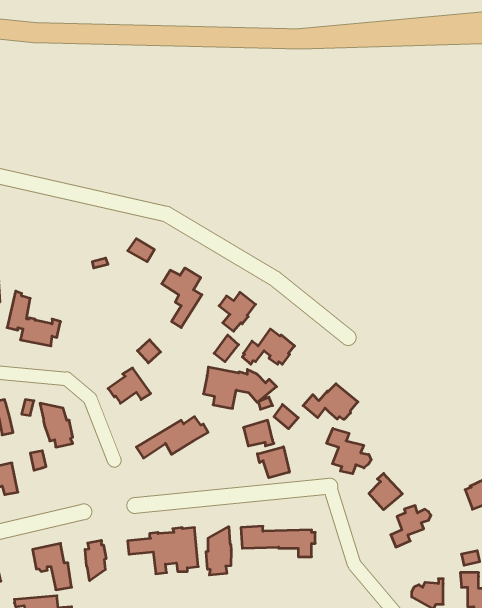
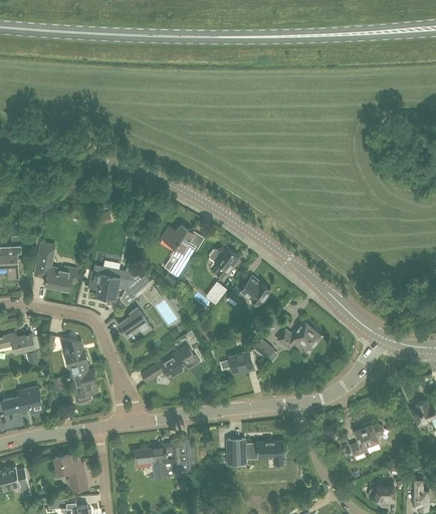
building: [203,367,277,408] -> [89,265,150,299]
building: [327,428,371,474] -> none
building: none -> [70,369,98,406]
building: [257,447,289,478] -> none
building: [369,473,402,510] -> none
building: [206,527,231,575] -> none
building: [85,540,106,581] -> none

